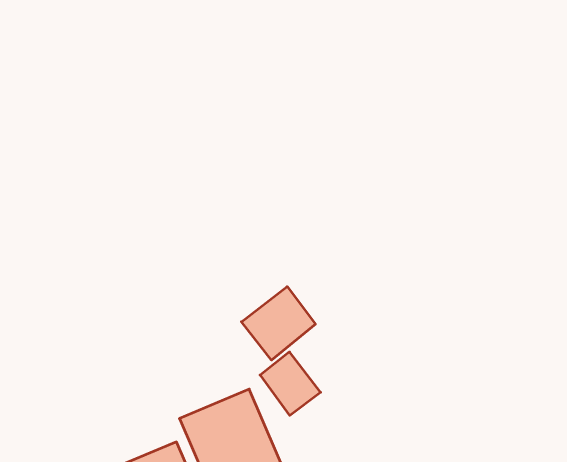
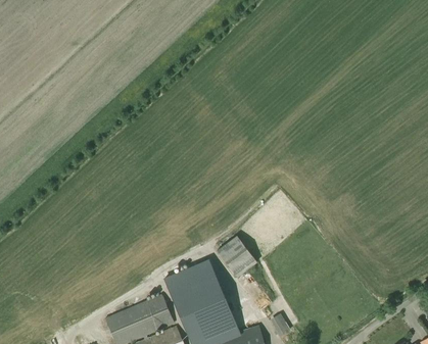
building: [241,287,315,360] -> none

